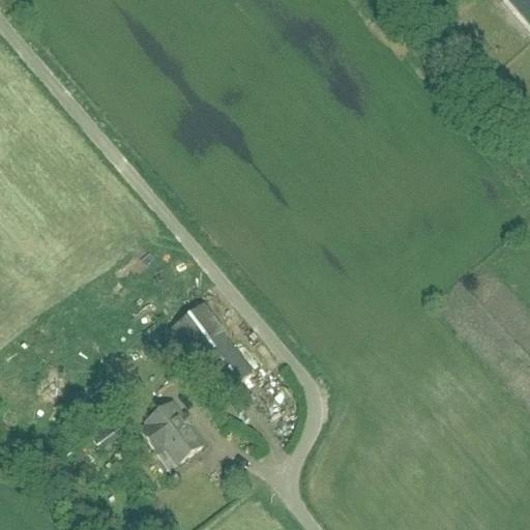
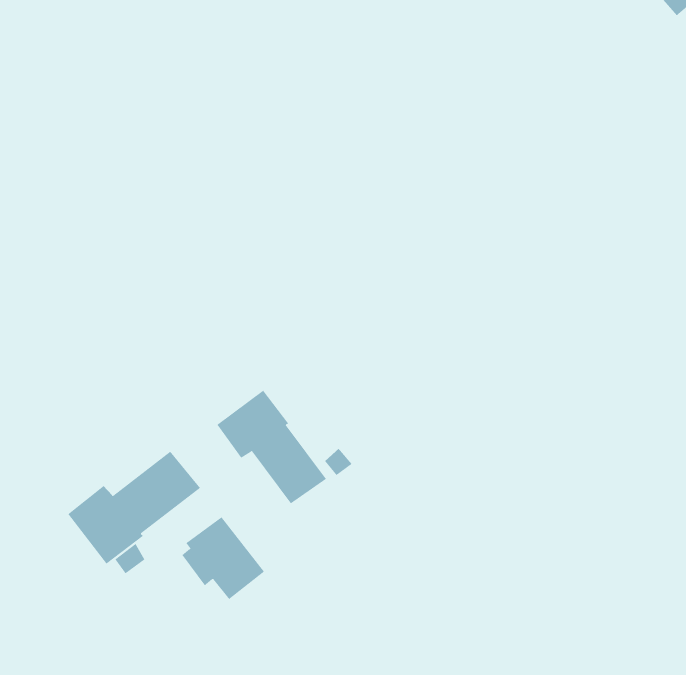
building: none -> [67,451,201,564]

